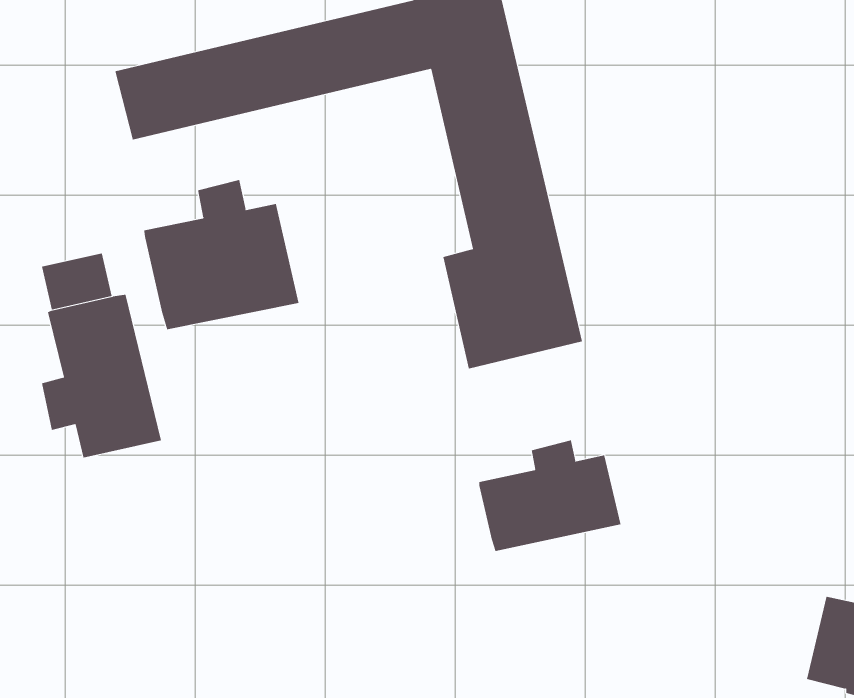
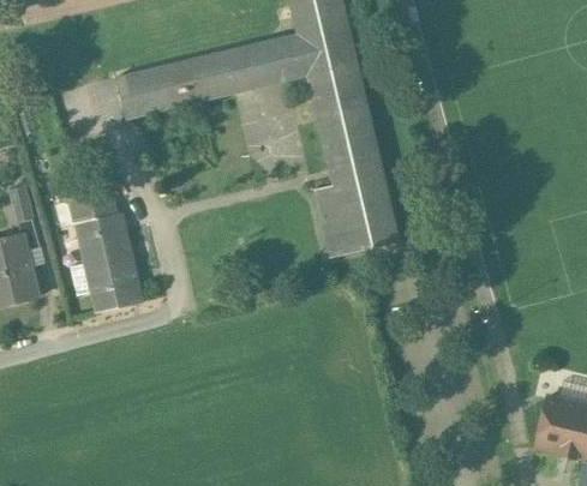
building: [144,179,299,330] -> none
building: [479,440,621,552] -> none

